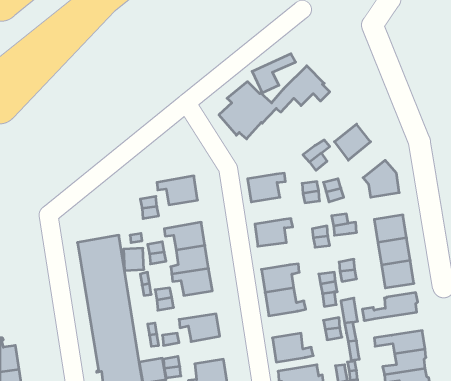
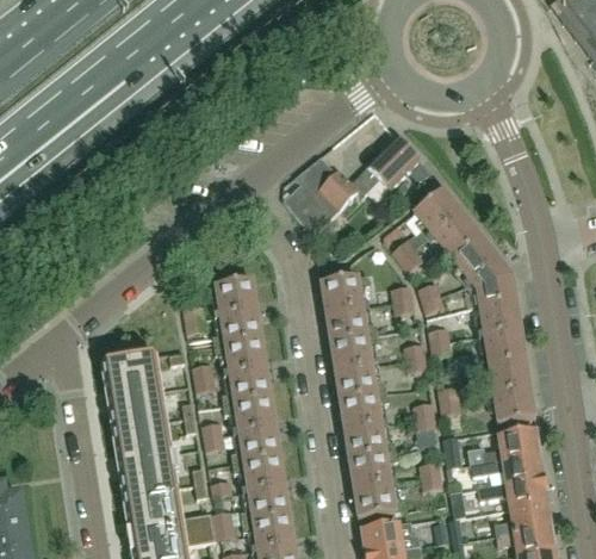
building: none -> [414,188,461,235]
building: none -> [451,235,498,281]
building: none -> [479,300,521,335]
building: none -> [325,306,377,341]
building: none -> [212,310,261,347]
building: none -> [334,365,386,399]
building: none -> [230,427,280,464]
building: none -> [348,451,397,487]
building: none -> [472,454,546,484]
building: none -> [237,485,290,521]

